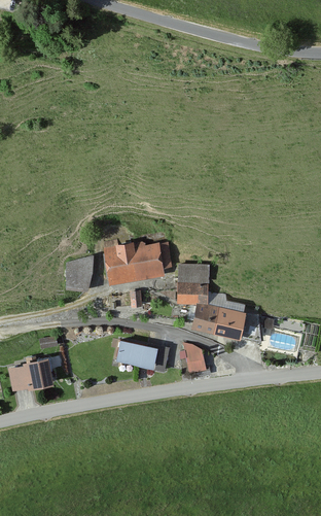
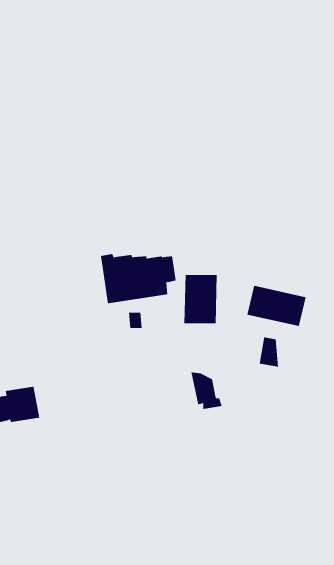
building: [64,254,92,289] -> none
building: [191,302,244,338] -> [246,285,306,326]
building: [114,339,170,372] -> none

